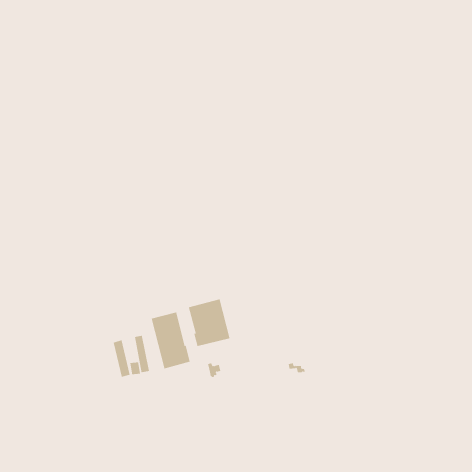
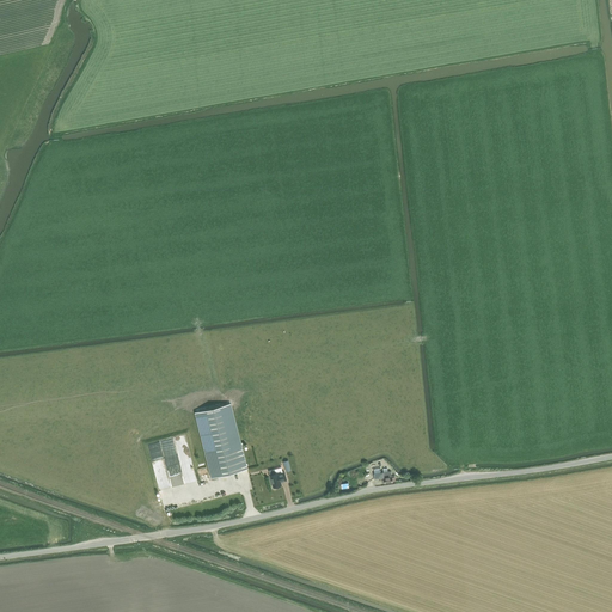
building: [188,299,230,347] -> none

